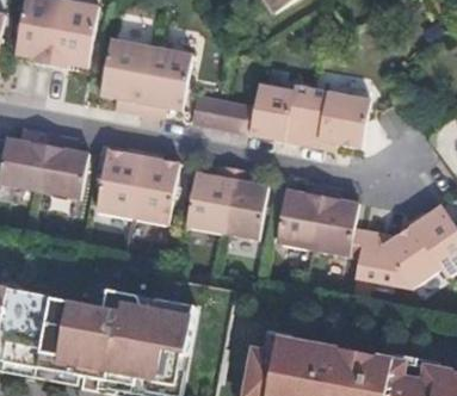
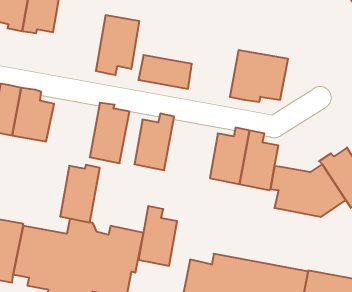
building: [99,38,150,113] -> none
building: [249,83,310,144] -> none
building: [95,148,143,217] -> [60,165,100,222]
building: [221,168,267,240] -> [138,206,177,266]

